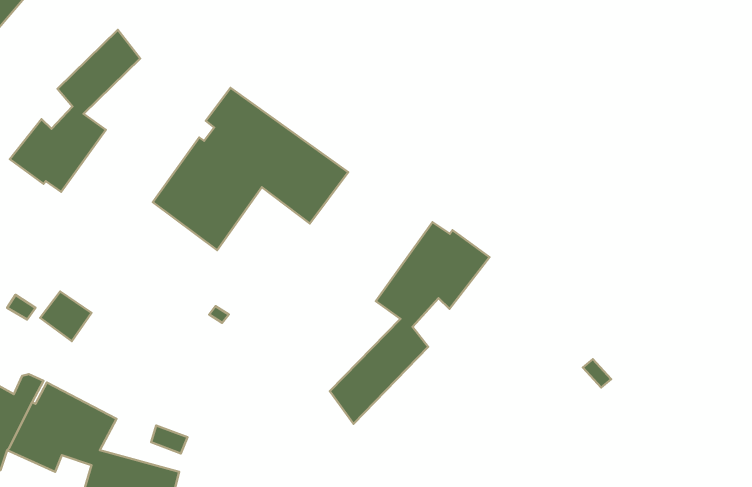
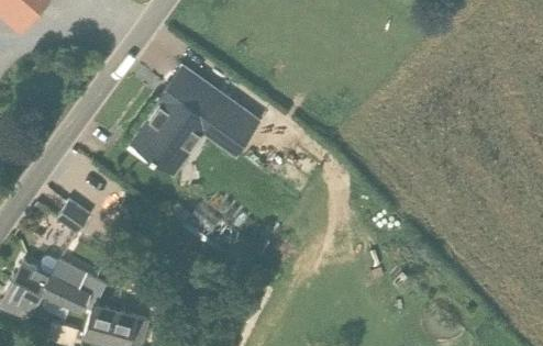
building: [10,30,140,192] -> none
building: [330,222,490,424] -> none

